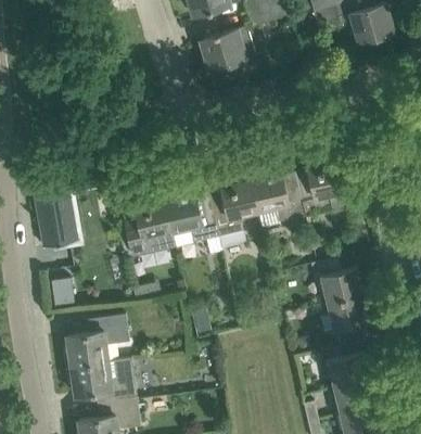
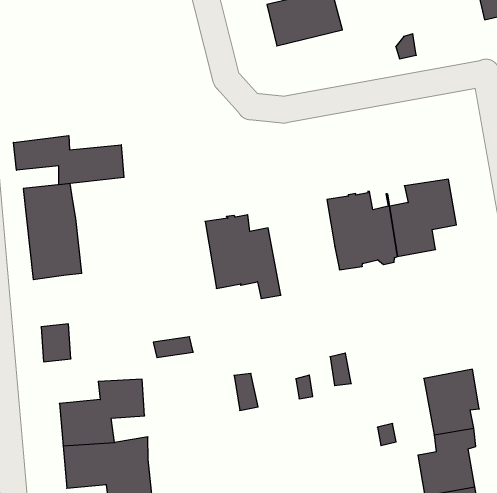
building: none -> [14,136,124,185]
building: [207,179,258,250] -> none
building: [124,200,175,258] -> none
building: [309,258,362,304] -> none

